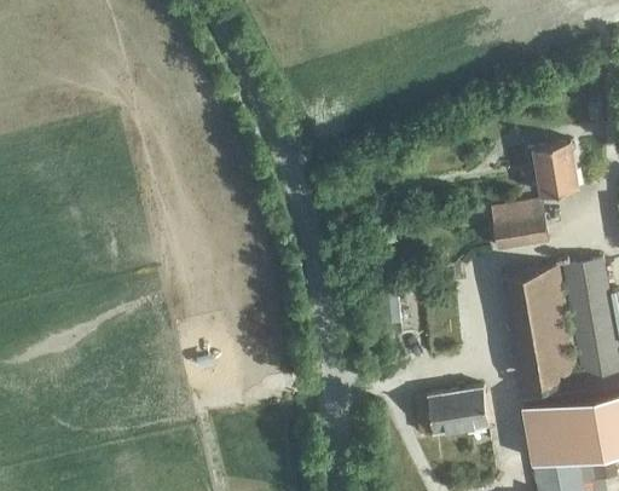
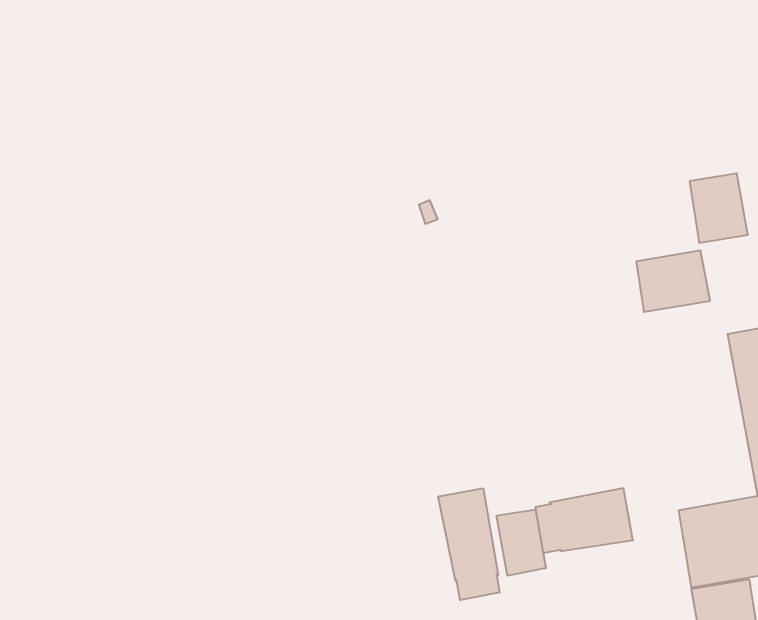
building: [503,267,579,391] -> none
building: none -> [438,488,500,600]
building: none -> [497,509,546,576]

